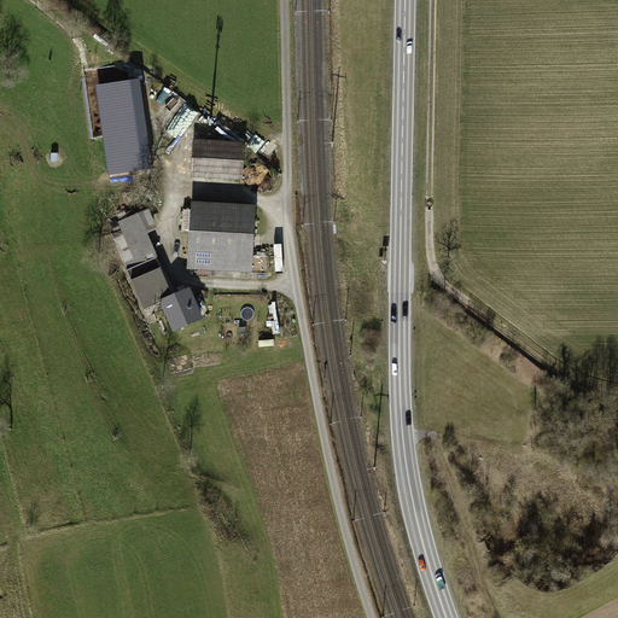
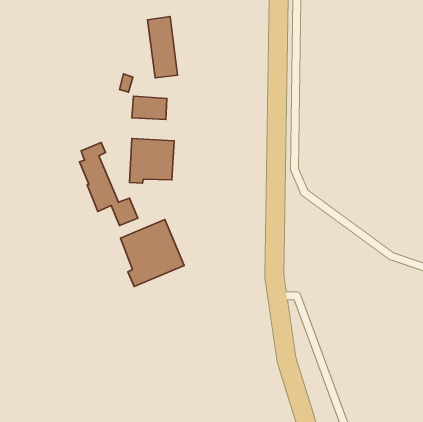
building: [98,81,141,170] -> [148,16,178,78]
building: none -> [121,220,184,286]

